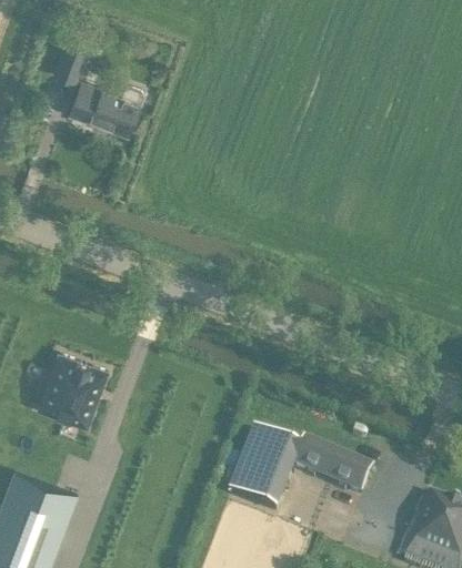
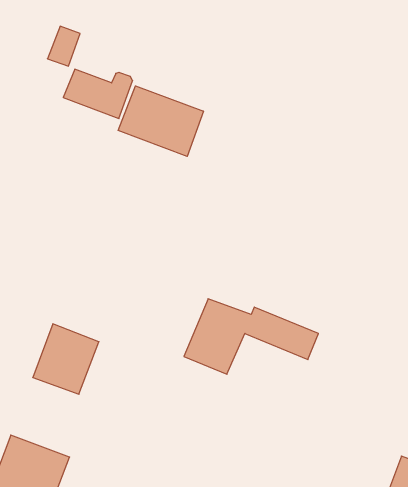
building: none -> [118,86,203,156]
building: [230,429,372,509] -> [184,299,318,374]

